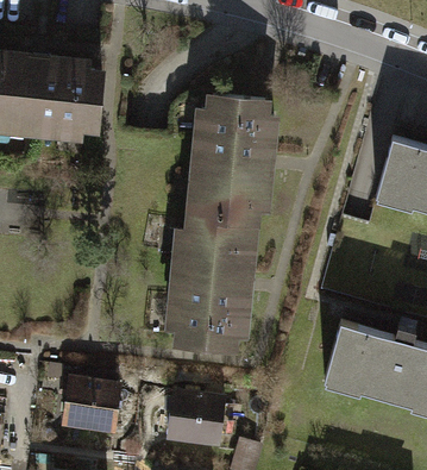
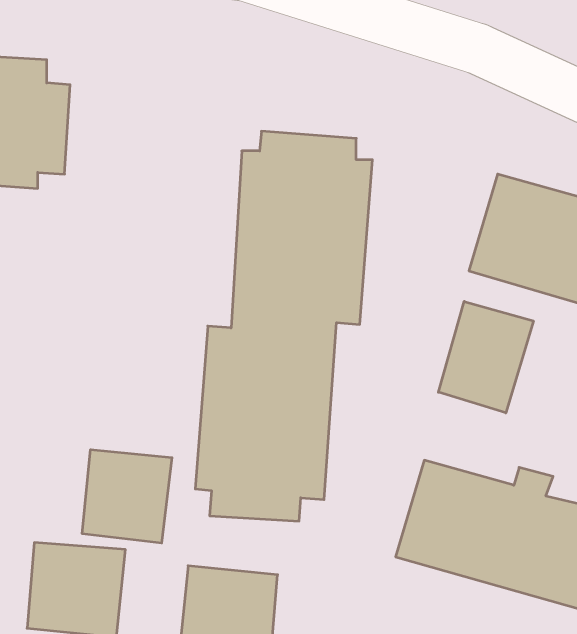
building: none -> [438,301,533,413]
building: none -> [82,450,172,543]

